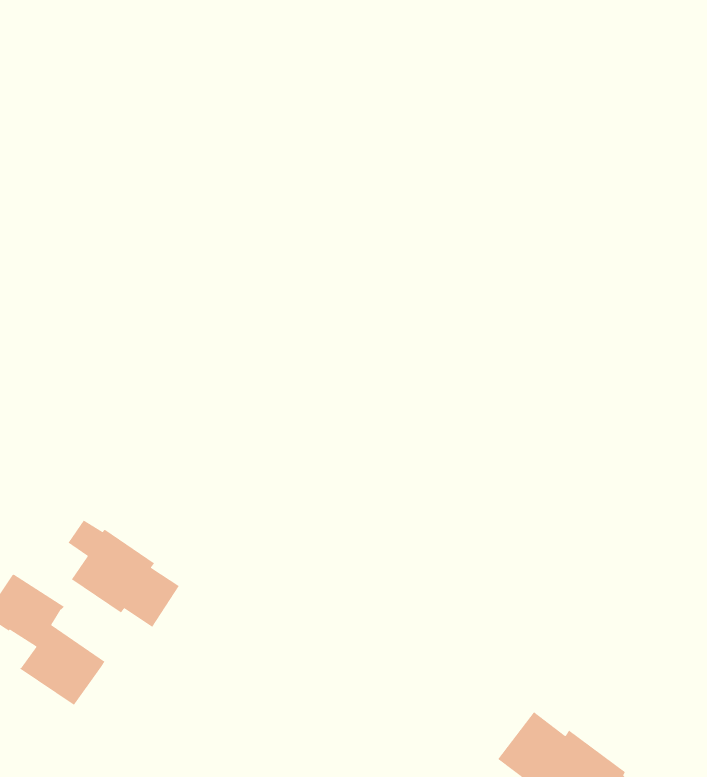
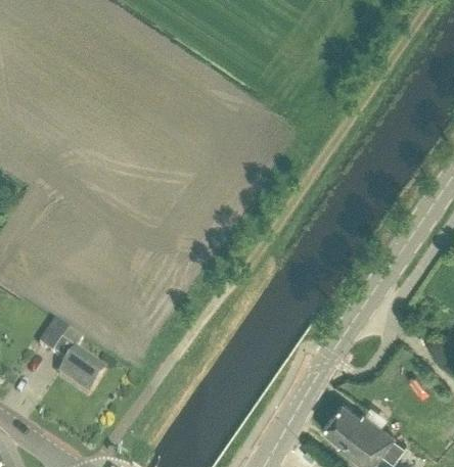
building: [67,520,180,628] -> none

